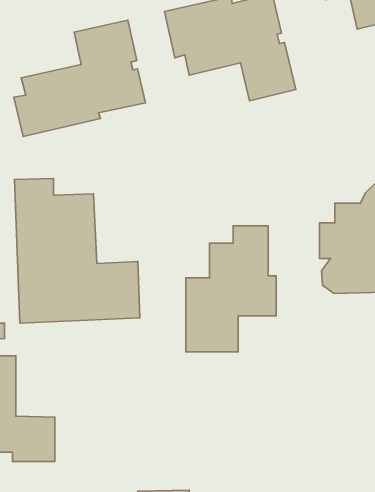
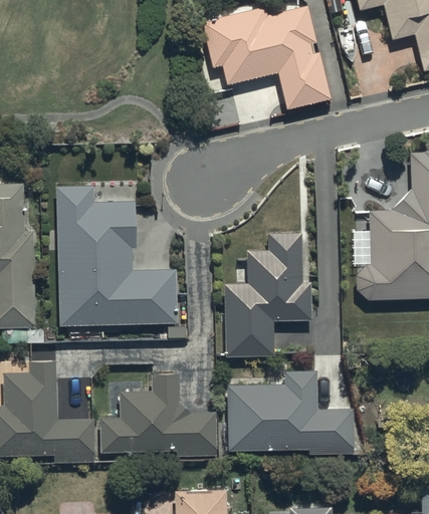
building: [14,20,145,136] -> none
building: none -> [226,370,353,456]
building: none -> [100,375,218,456]

